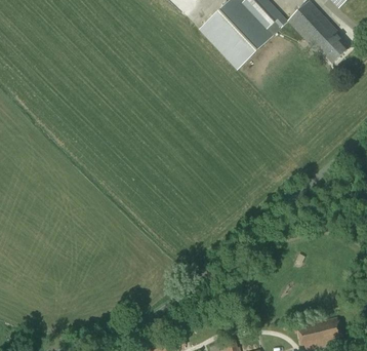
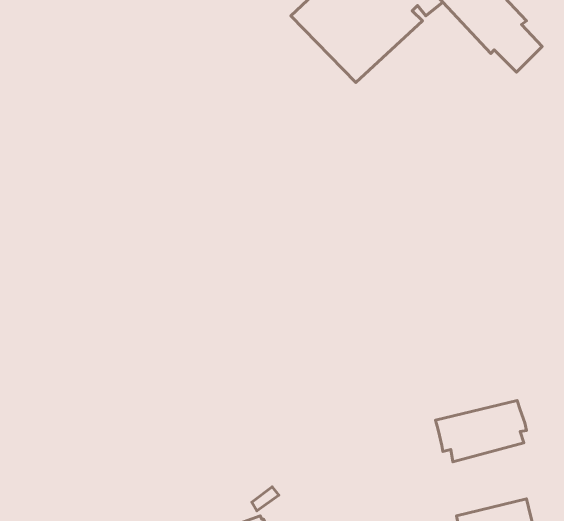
building: none -> [435,400,527,462]

